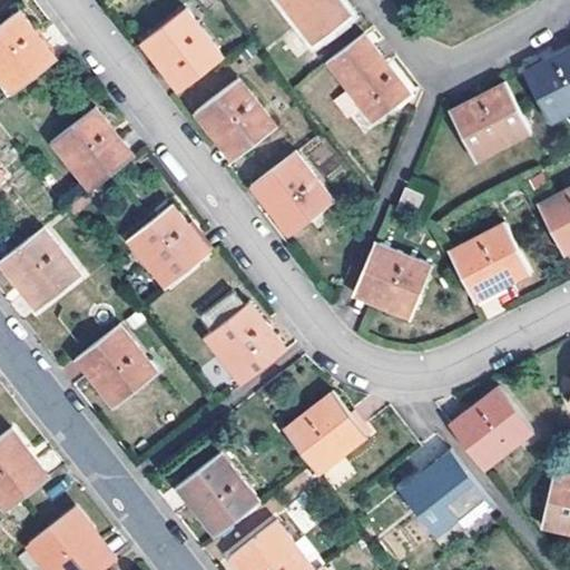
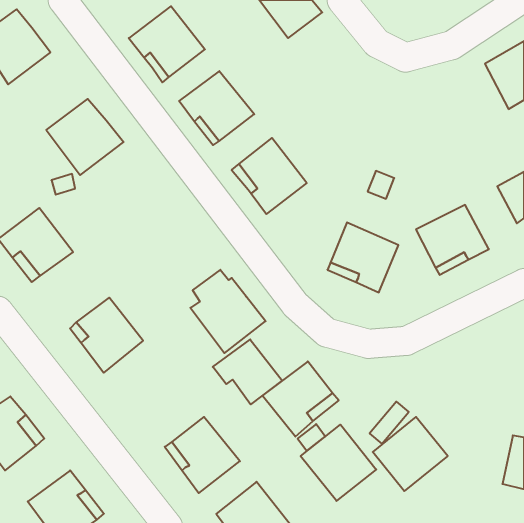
building: [326,33,410,122] -> none
building: [450,82,531,163] -> none
building: [127,206,210,289] -> none
building: none -> [213,339,282,404]
building: [451,389,532,470] -> none
building: none -> [301,425,376,501]

